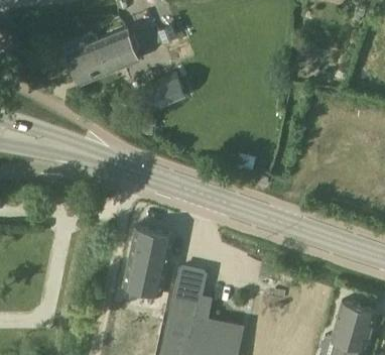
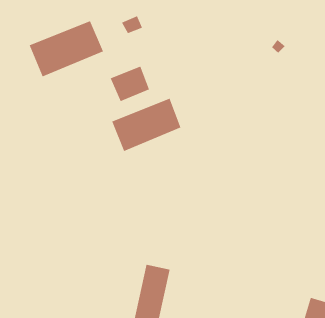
building: none -> [112,98,181,152]
building: [123,228,173,293] -> none

